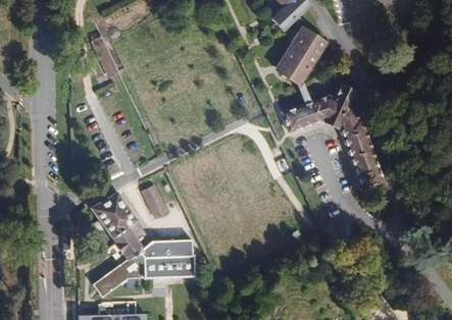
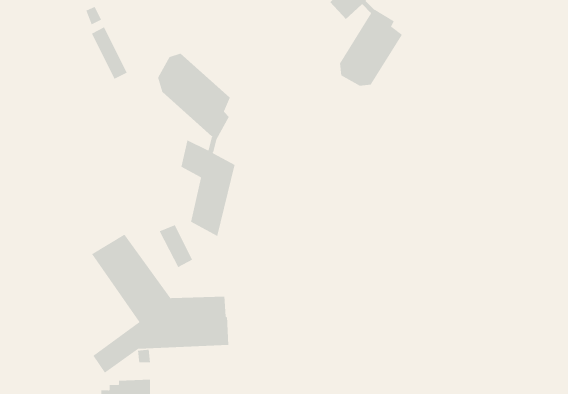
building: none -> [157,53,235,237]
building: [282,85,384,191] -> none

